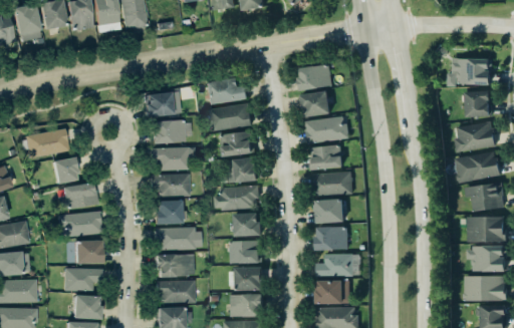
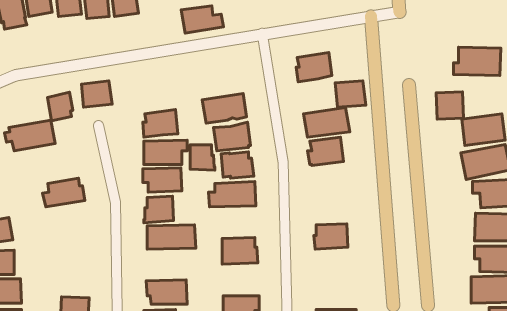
building: [206,77,246,103] -> [181,6,223,33]
building: [144,91,173,116] -> [81,81,112,107]
building: [301,91,330,116] -> [335,81,366,107]
building: [465,91,491,117] -> [436,92,463,119]
building: none -> [190,145,215,170]
building: [52,156,76,184] -> [47,92,73,121]
building: [310,172,351,196] -> none
building: [316,199,344,223] -> none
building: [56,211,100,237] -> none
building: [233,213,260,237] -> none
building: [73,240,101,264] -> none
building: [157,253,194,276] -> none
building: [316,254,353,277] -> none
building: [235,267,263,290] -> none
building: [64,268,99,291] -> none
building: [315,281,348,304] -> none

